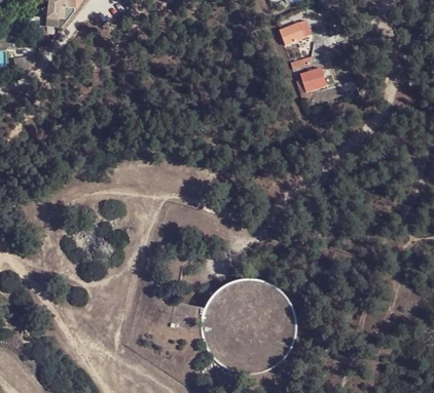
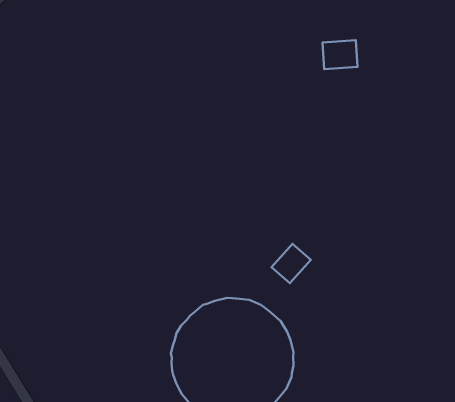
building: none -> [272,244,311,283]

